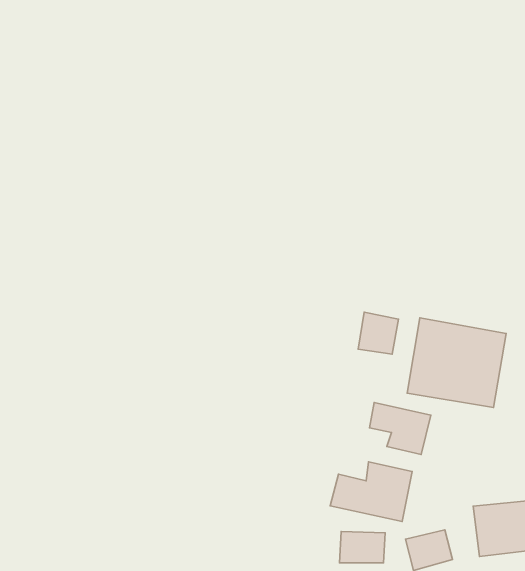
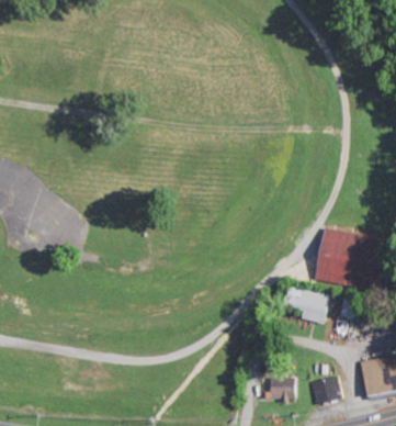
building: [358,312,398,354] -> none
building: [330,462,412,522] -> none

